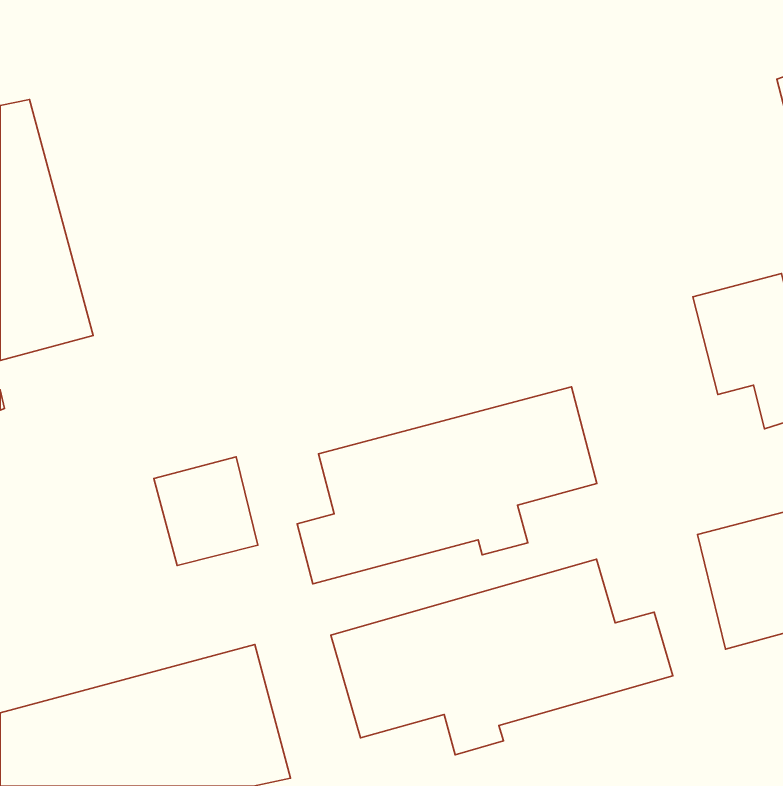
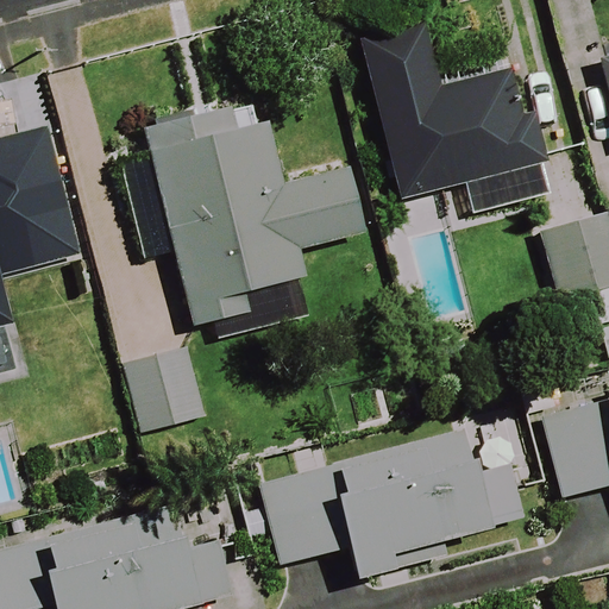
building: none -> [372,65,533,200]
building: none -> [147,103,369,327]
building: [297,387,597,584] -> none

